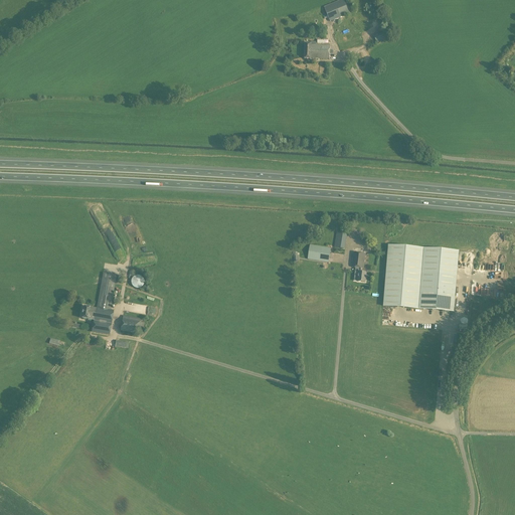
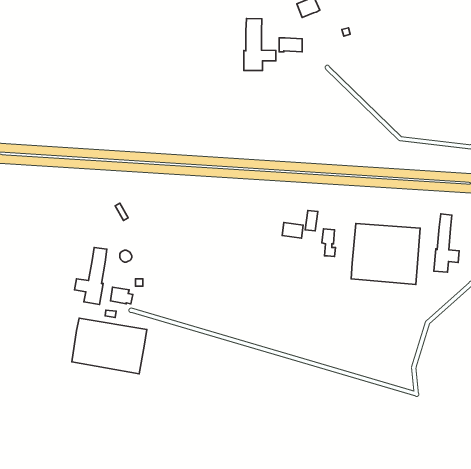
building: none -> [244,19,276,71]
building: none -> [434,214,459,272]
building: none -> [72,318,147,374]

